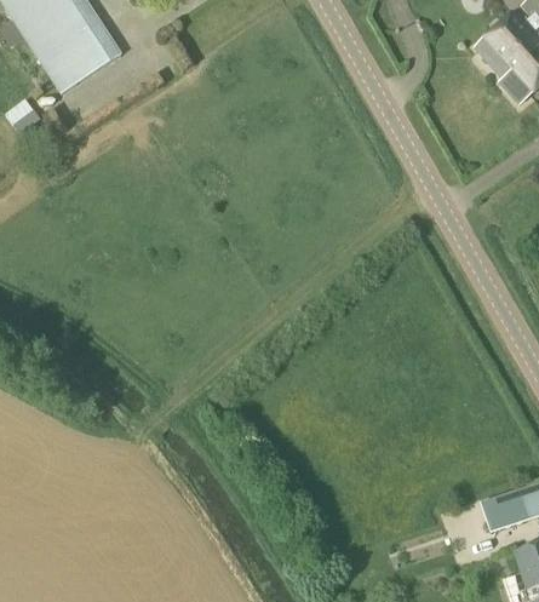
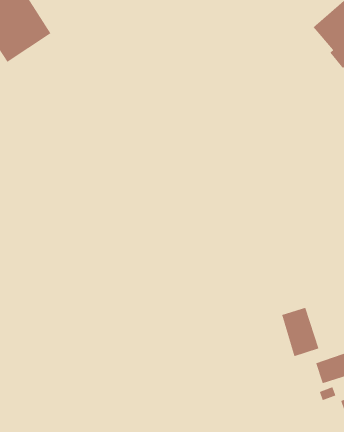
building: none -> [281,307,319,357]

